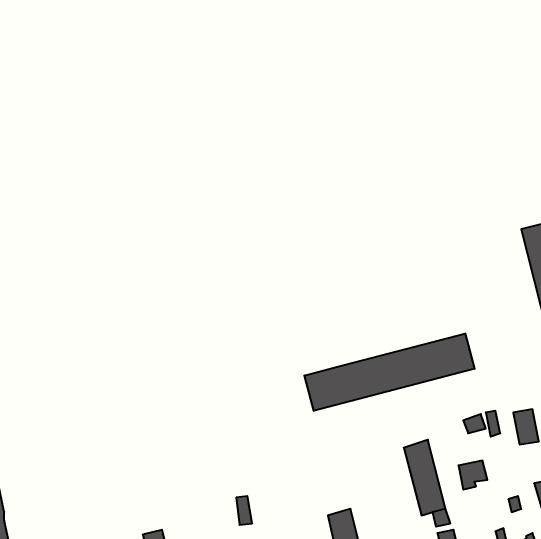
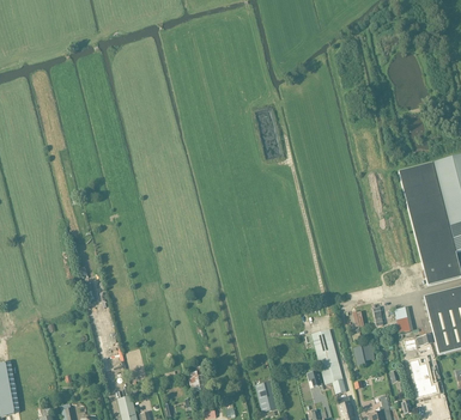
building: [304,333,475,411] -> none

